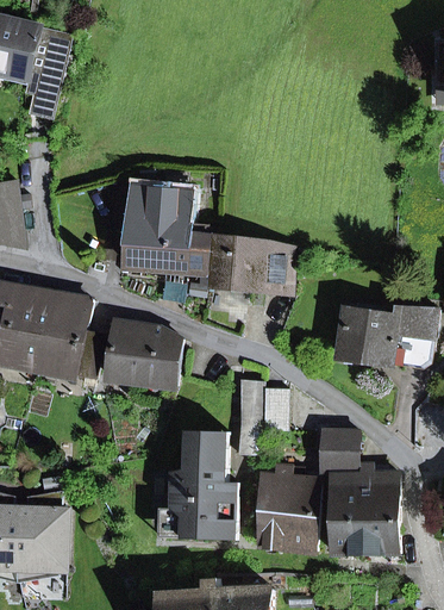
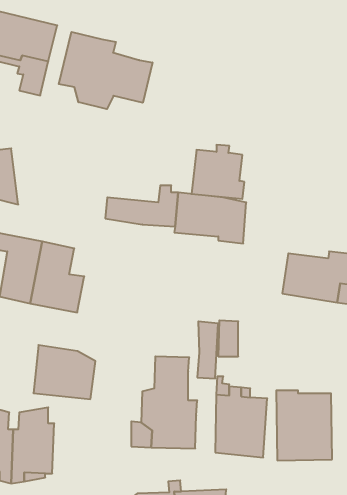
building: none -> [59,32,152,109]
building: [130,182,193,247] -> [191,145,244,199]
building: [108,320,182,385] -> [33,345,95,399]
building: [325,429,358,471] -> none

